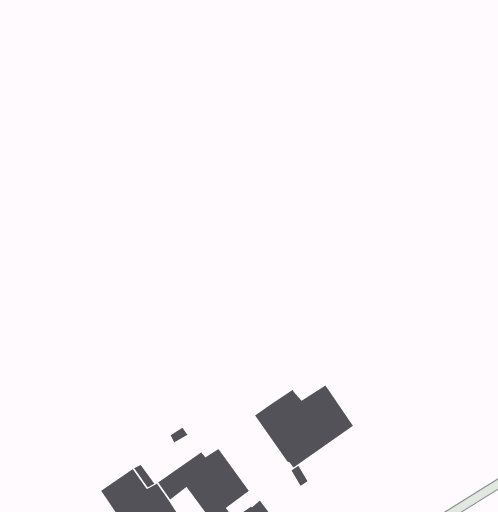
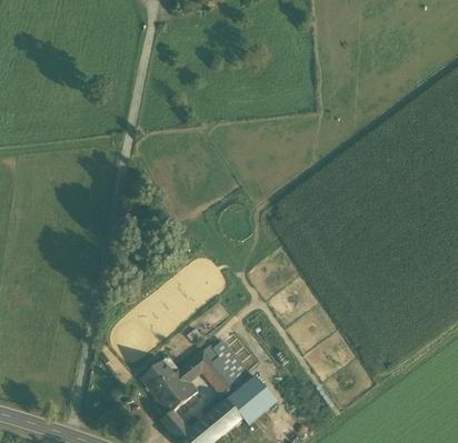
building: [254,385,354,468] -> none

